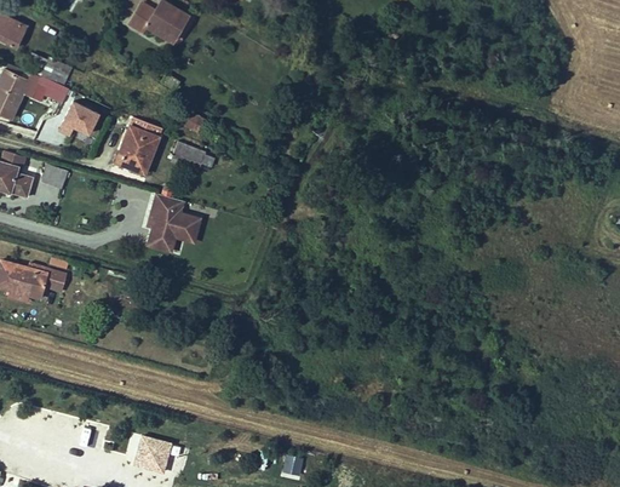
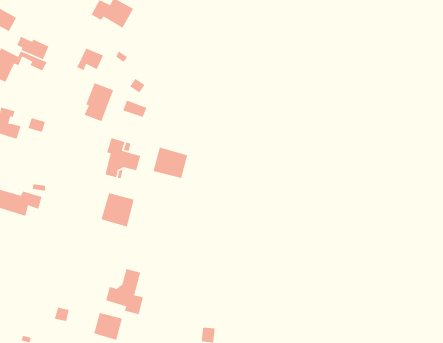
building: [59,102,98,134] -> [76,47,104,71]
building: none -> [152,146,188,179]
building: none -> [100,192,135,228]
building: none -> [105,268,144,315]

